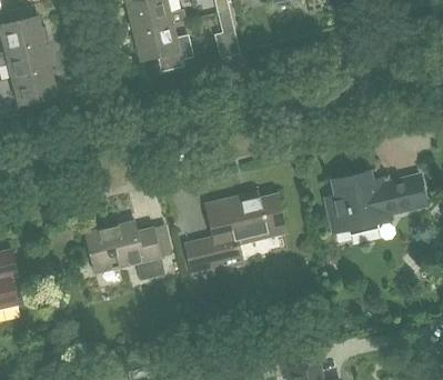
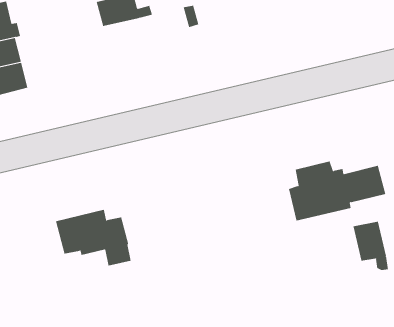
building: [133,19,192,70] -> none
building: [185,193,285,276] -> none
building: none -> [353,221,388,271]

